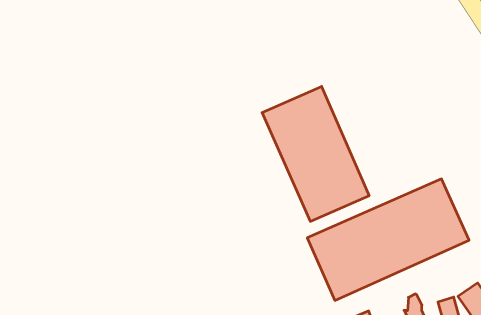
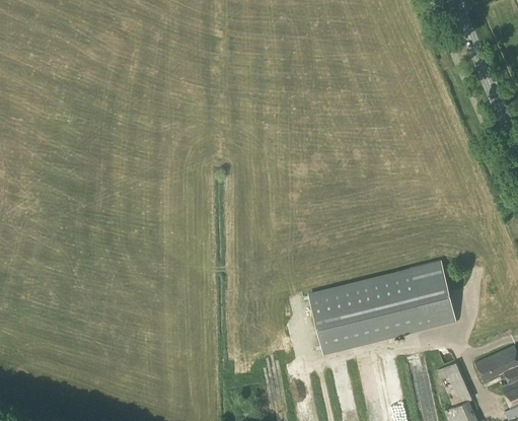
building: [262,86,369,221] -> none

